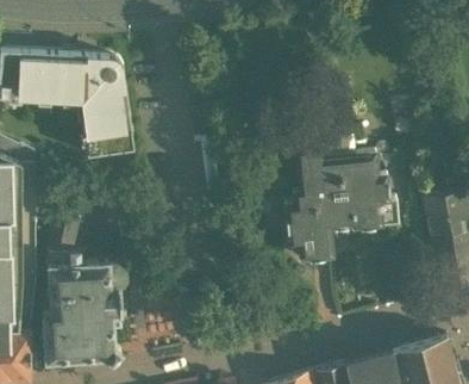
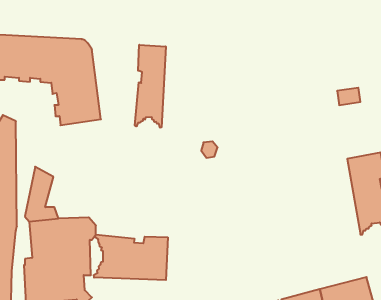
building: none -> [135,45,166,128]
building: [282,137,396,259] -> none
building: none -> [94,235,168,280]

